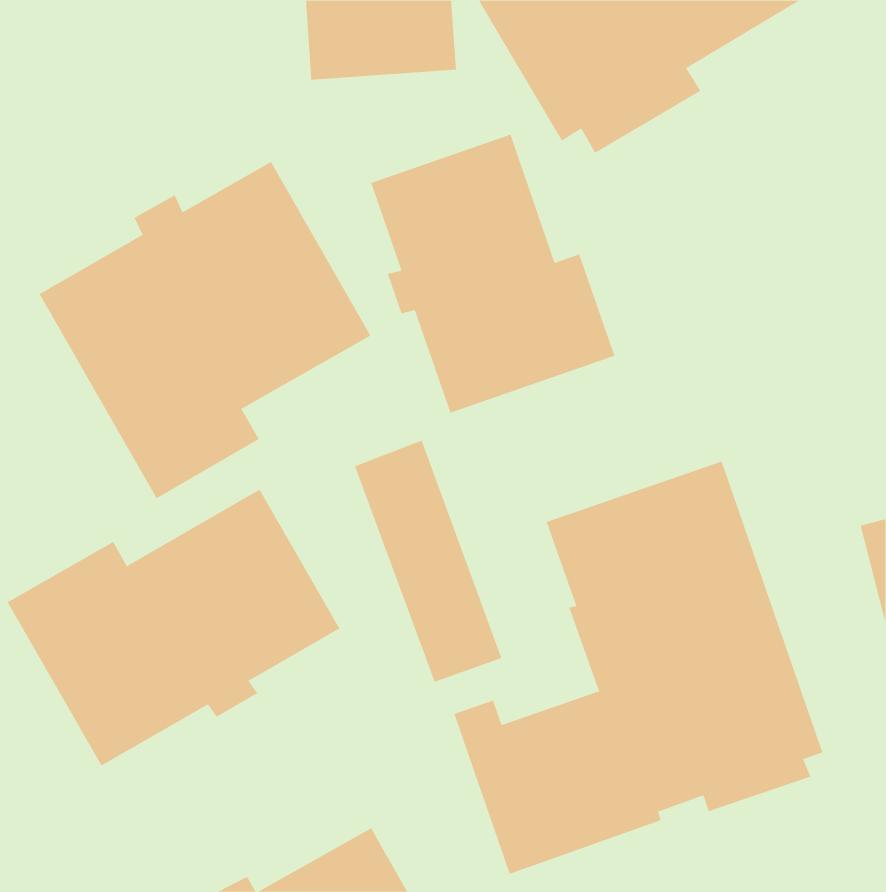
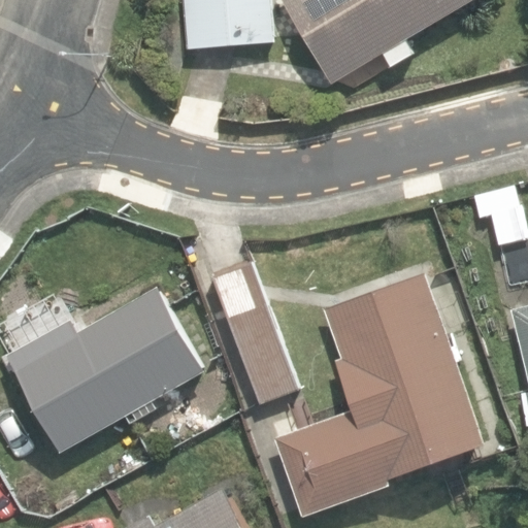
building: [371,134,615,413] -> none
building: [39,161,371,499] -> none

